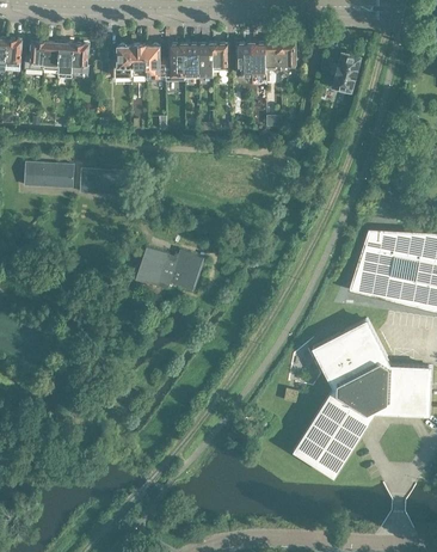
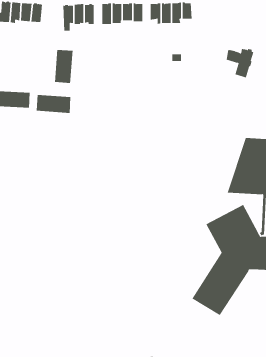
building: [320,53,359,93] -> [226,49,254,78]
building: none -> [54,49,73,84]
building: [133,246,205,289] -> none

